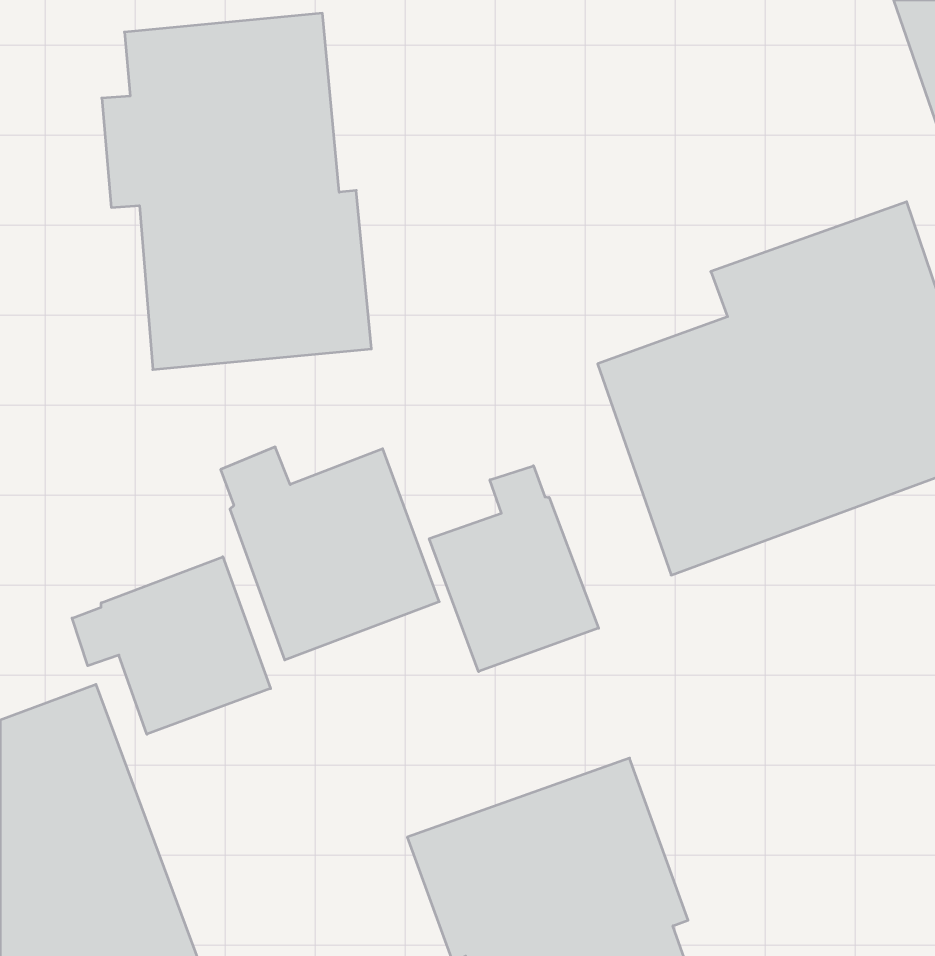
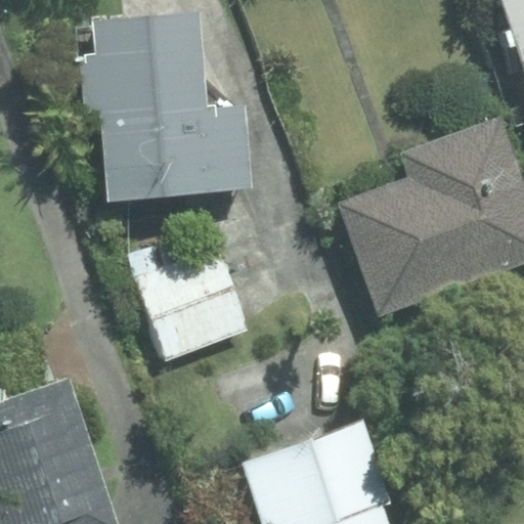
building: [429,466,599,672] -> none
building: [72,557,271,734] -> none

